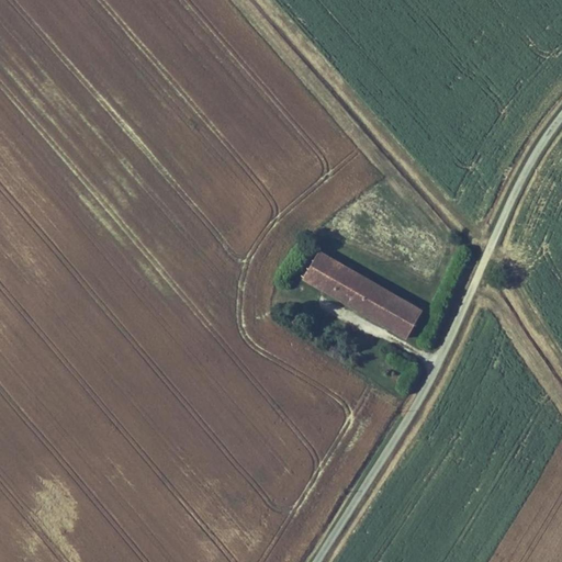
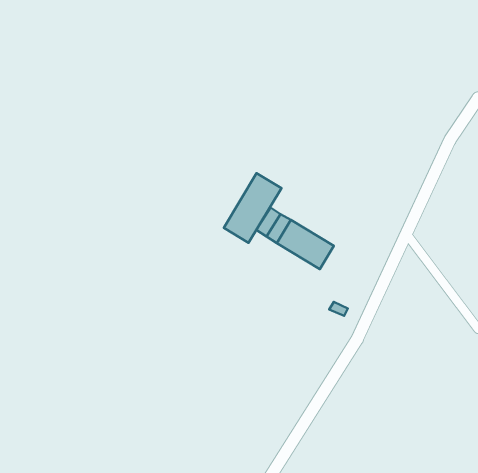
building: none -> [224,173,281,243]
building: [375,294,423,340] -> none

